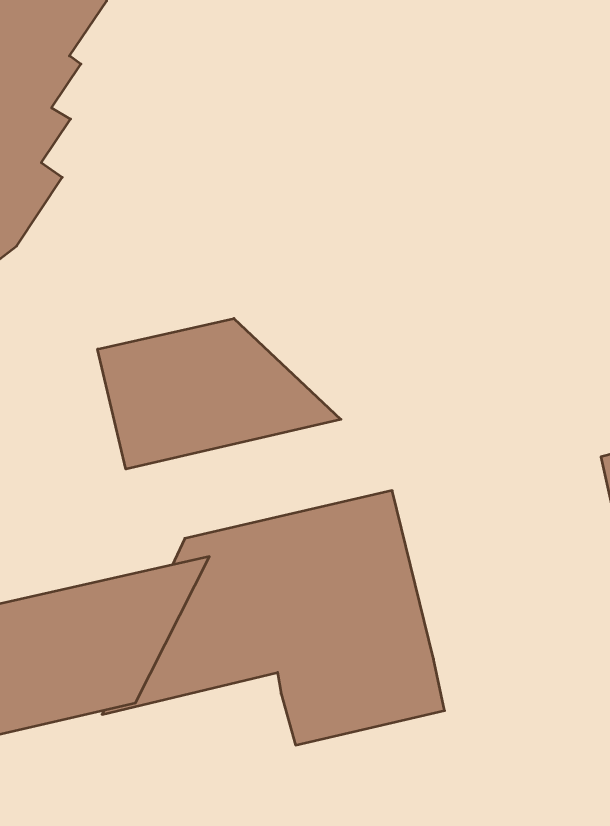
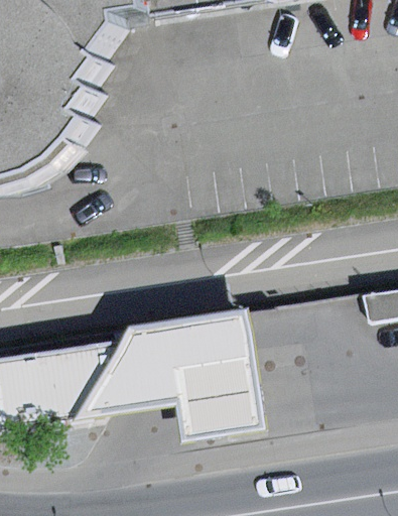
building: [98,318,341,469] -> none

